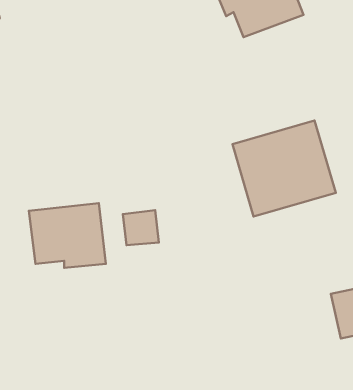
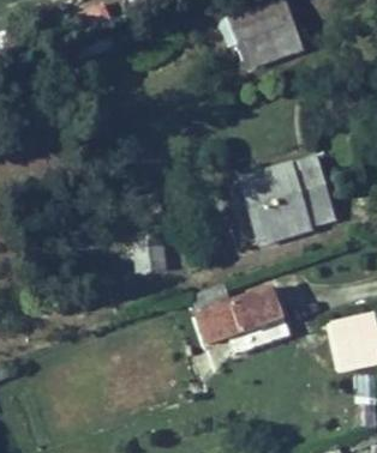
building: [29,203,106,268] -> none
building: none -> [184,284,291,355]

